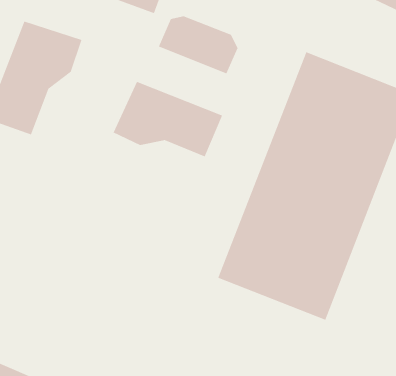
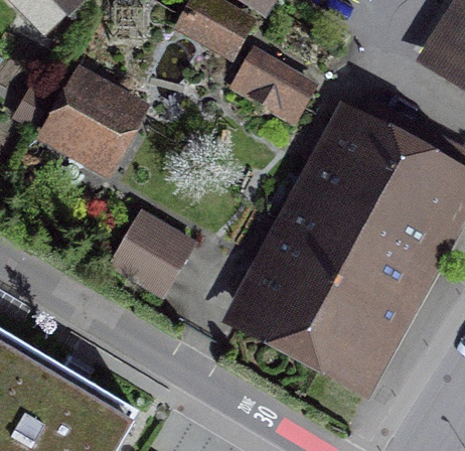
building: [112,81,223,157] -> none
building: none -> [111,218,191,298]

